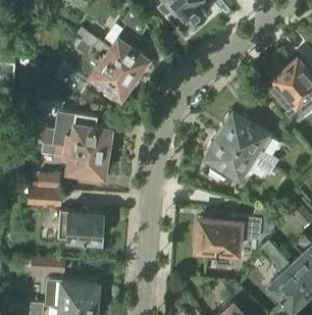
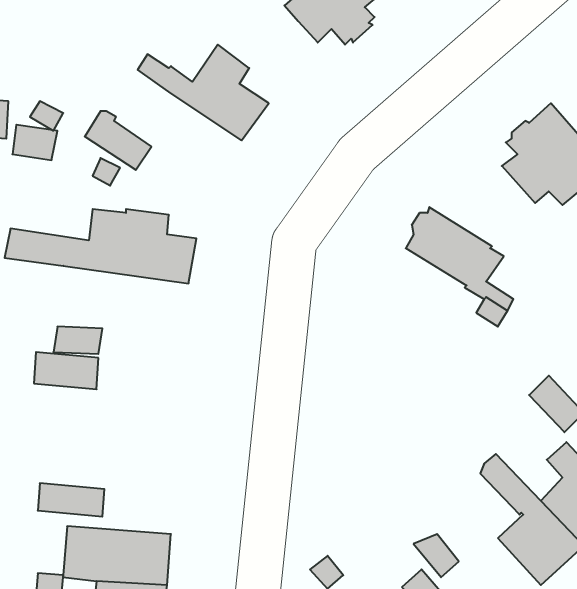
building: [75,41,136,102] -> none
building: [207,134,253,177] -> none
building: [41,143,108,185] -> none
building: [196,206,275,260] -> none
building: [58,211,103,242] -> none

